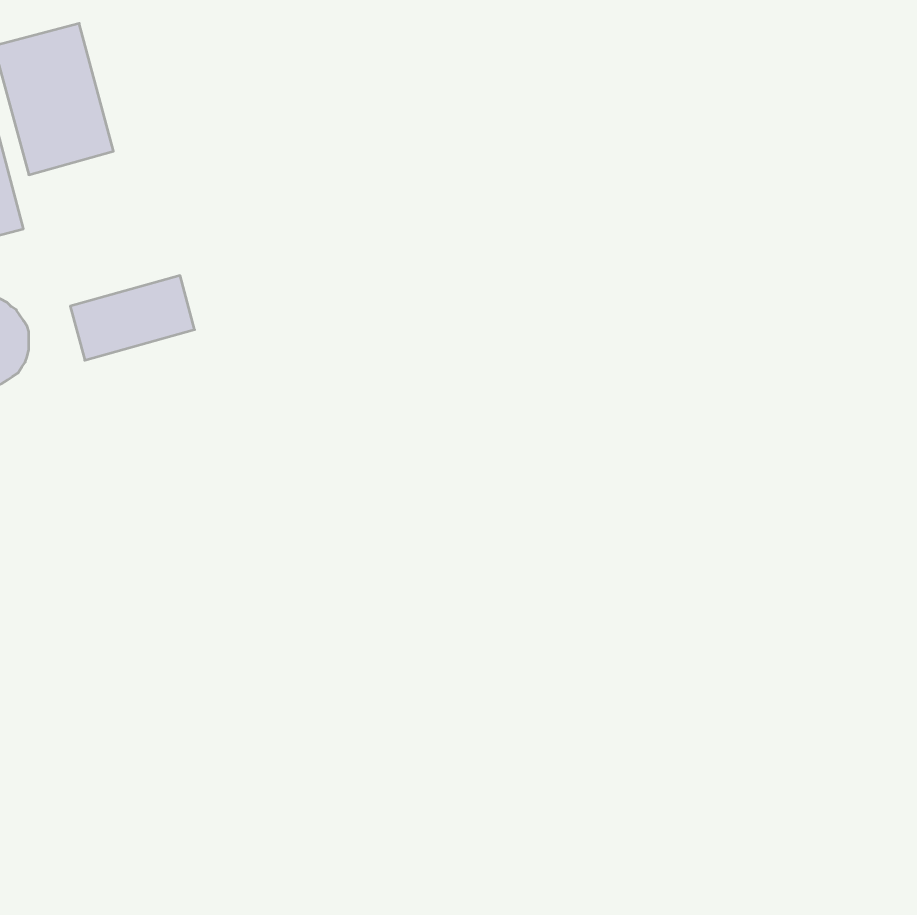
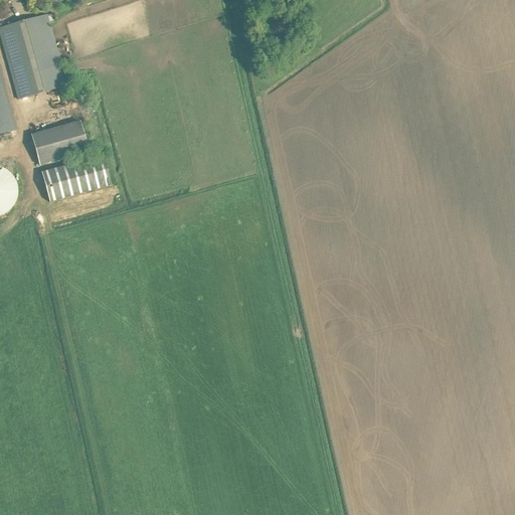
building: none -> [29,120,87,166]

